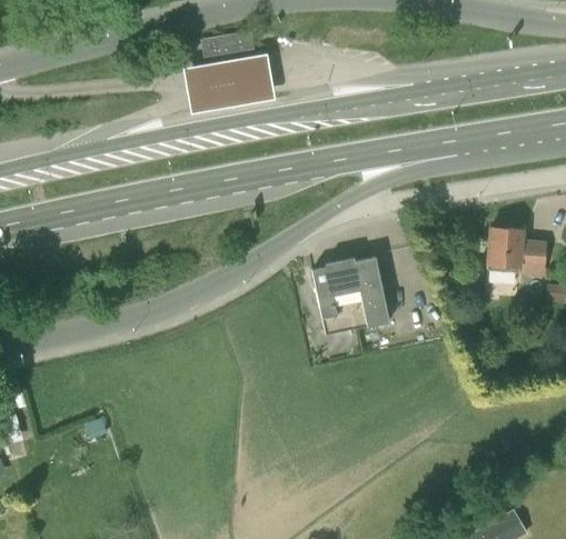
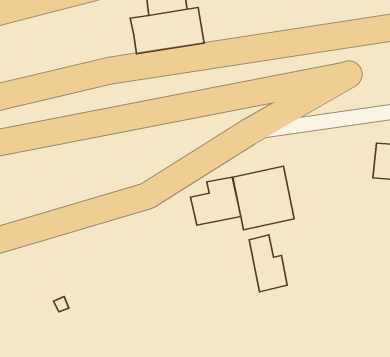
building: none -> [191,177,241,225]
building: none -> [249,235,287,292]

